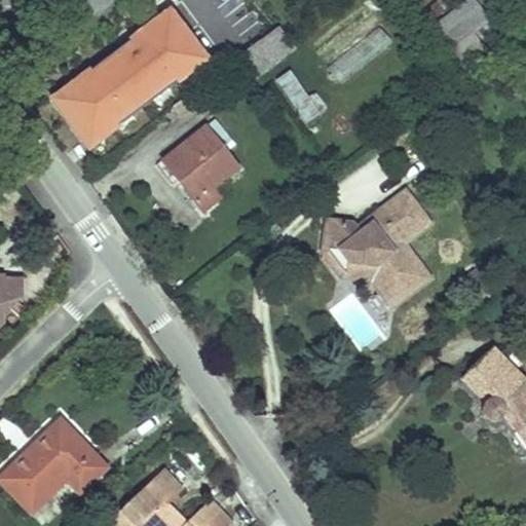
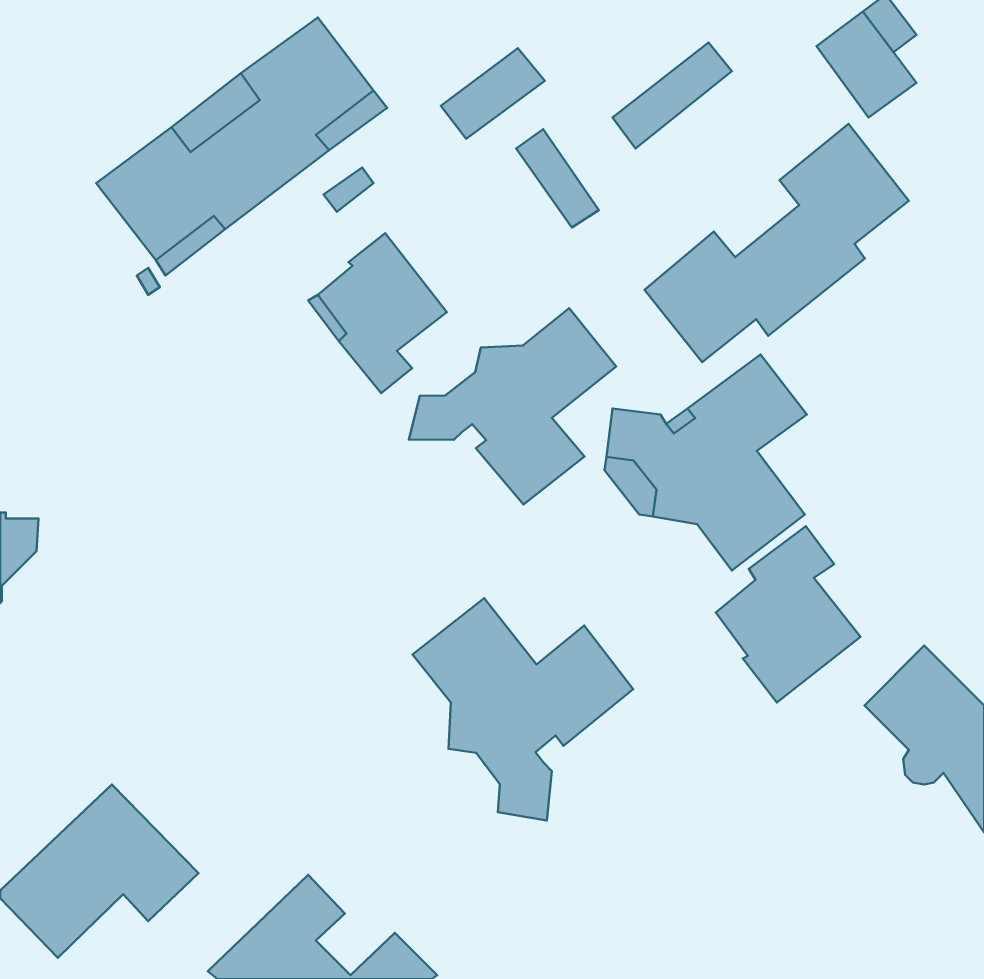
building: none -> [644,124,909,362]
building: none -> [409,308,616,505]
building: none -> [716,526,861,703]
building: none -> [413,598,633,821]

